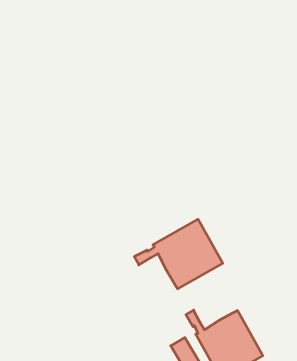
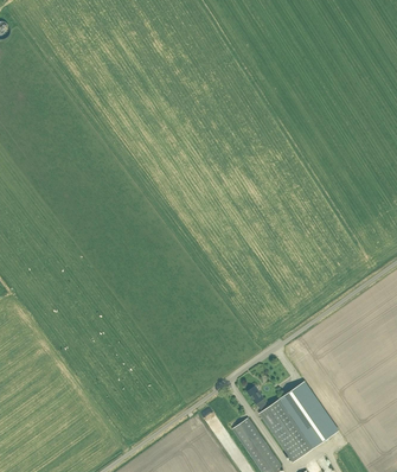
building: [134,219,223,289] -> none

